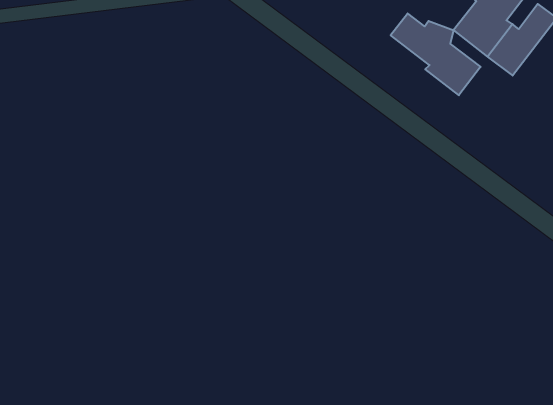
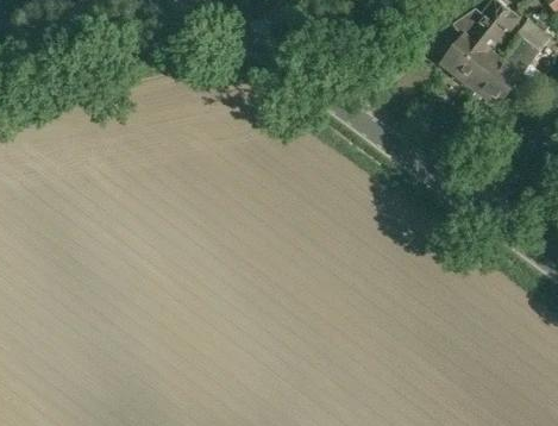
building: [391,13,481,95] -> none

